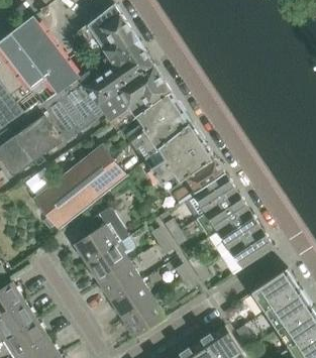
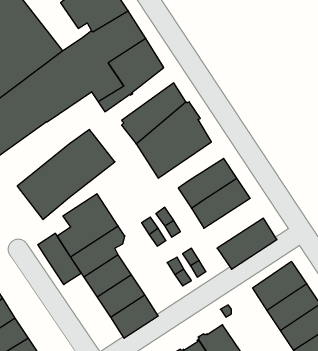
building: [126,91,180,143] -> none
building: [172,158,225,204] -> none
building: [207,210,261,255] -> none
building: none -> [38,233,81,285]

